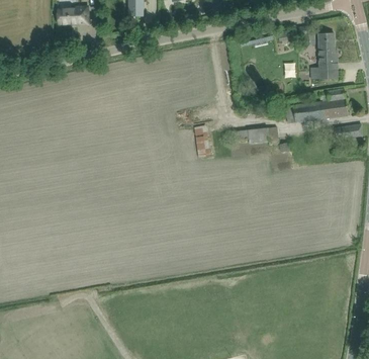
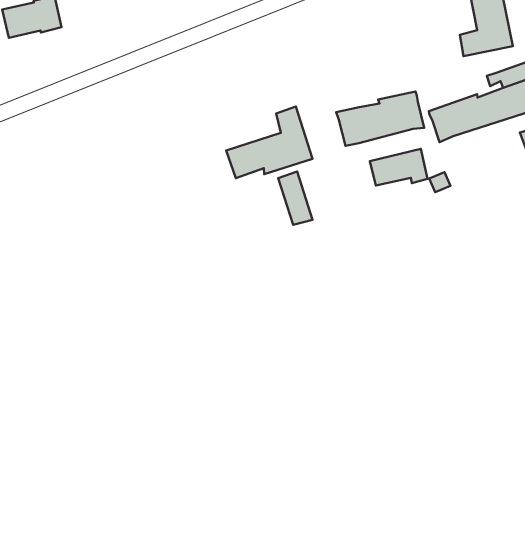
building: none -> [226,106,312,178]
building: none -> [336,92,424,146]

